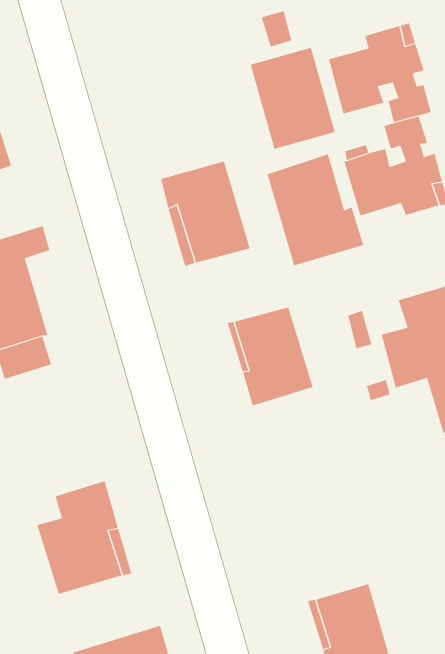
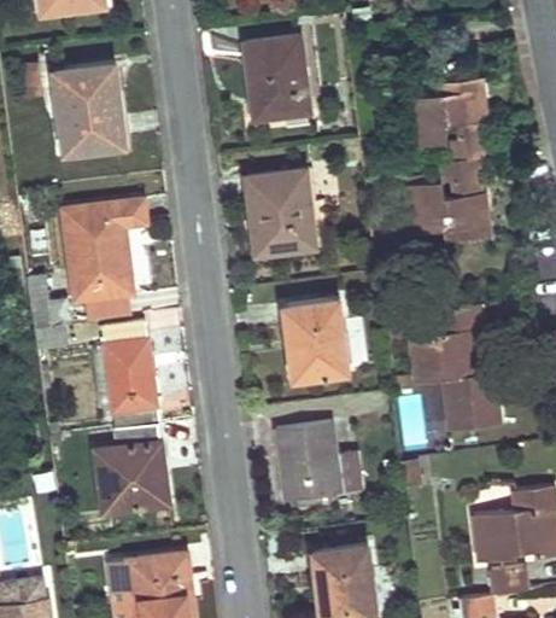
building: [250,47,336,150] -> [246,37,309,118]
building: [267,154,364,266] -> none
building: none -> [92,322,159,430]
building: none -> [274,424,362,511]

